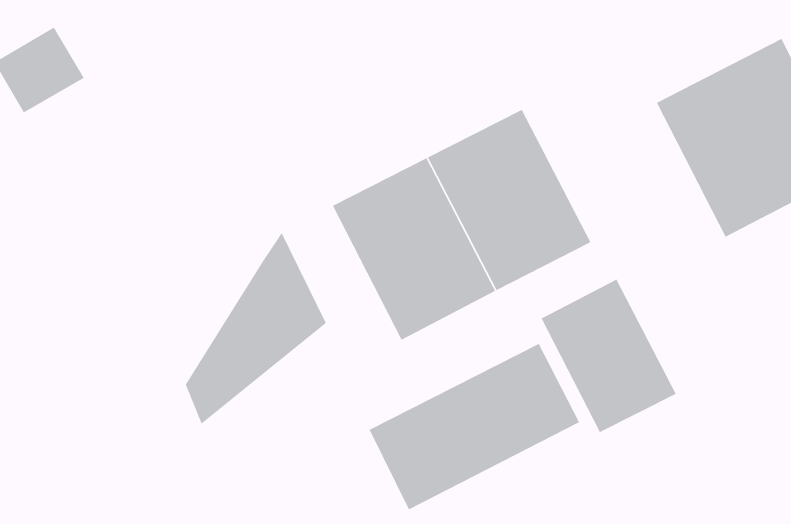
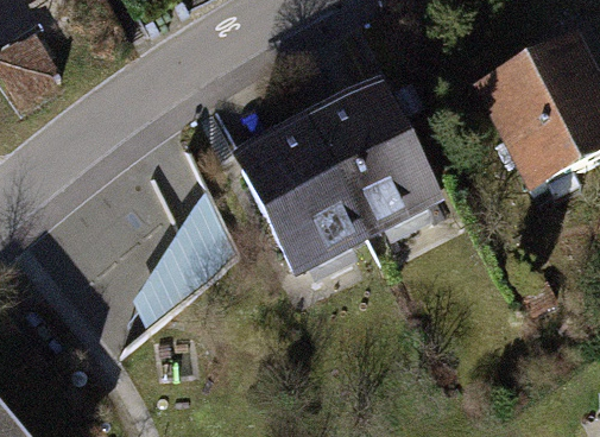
building: [541,278,677,433] -> none
building: [369,343,580,510] -> none

